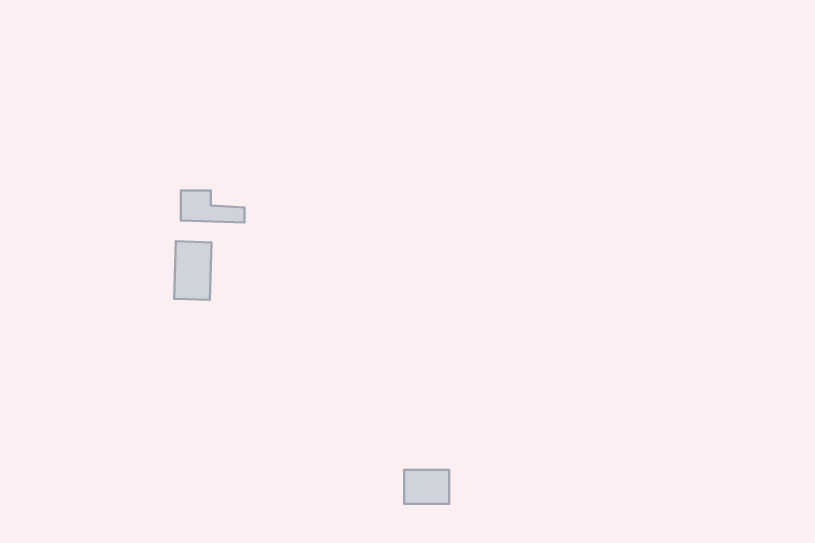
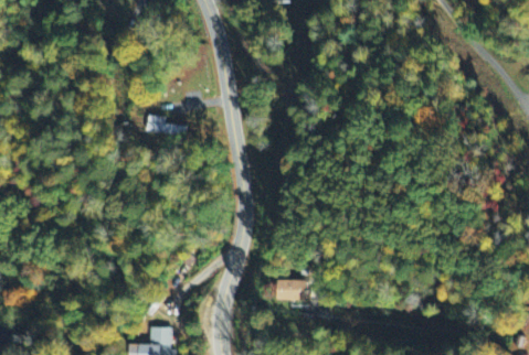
building: [174,241,211,300] -> none

